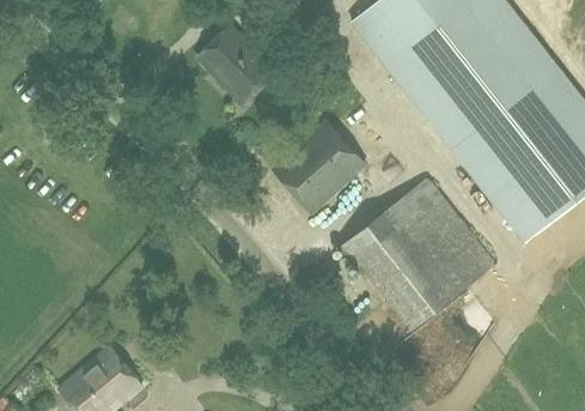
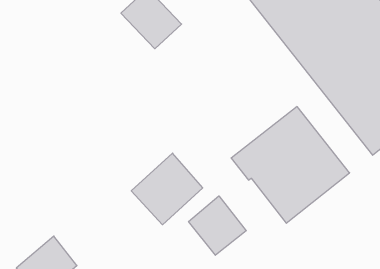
building: [273,120,366,213] -> [131,153,203,225]
building: none -> [189,196,246,255]

